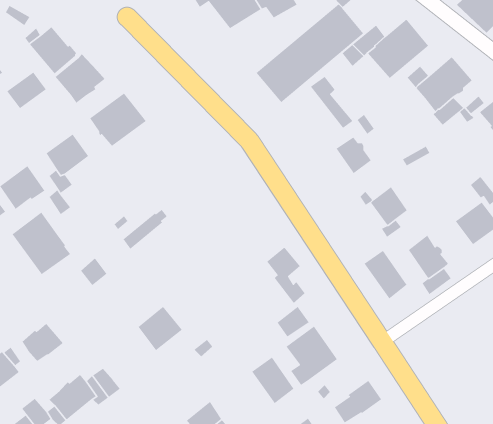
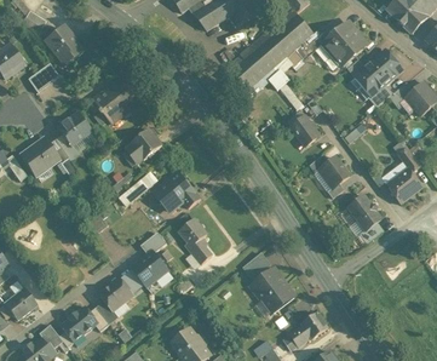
building: [54,53,105,104] -> none
building: none -> [126,128,161,164]
building: none -> [155,171,200,211]
building: [11,212,71,275] -> none
building: [266,246,305,304] -> [180,217,212,263]
building: [363,250,408,300] -> none
building: [21,322,64,363] -> [99,277,133,310]
building: [251,357,294,404] -> none

